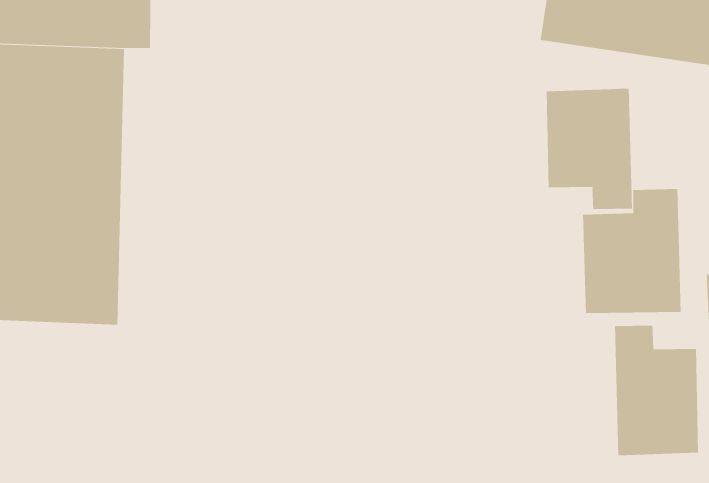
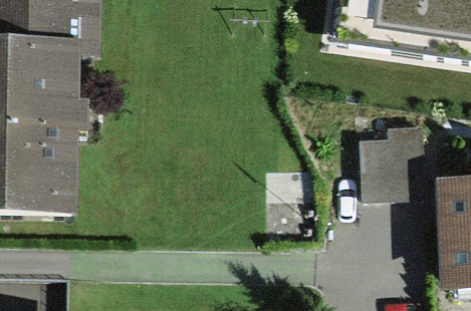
building: [546,88,633,210] -> none
building: [615,325,699,456] -> none

